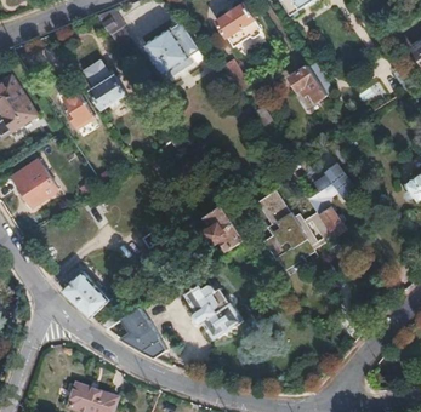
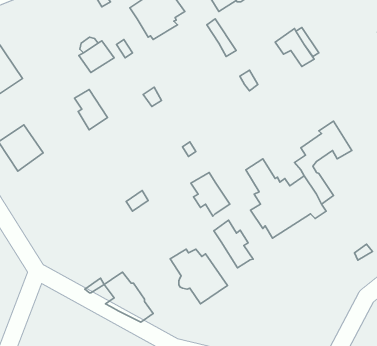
building: [62,88,95,128] -> [74,90,107,130]
building: none -> [214,220,253,268]
building: [62,271,112,316] -> none

